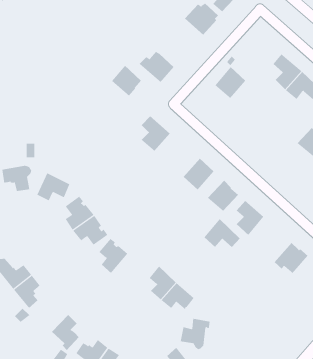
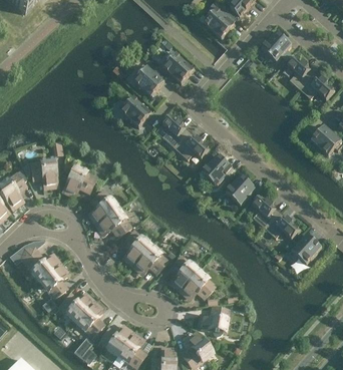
building: [215,66,246,99] -> [260,30,290,61]
building: none -> [116,95,150,126]
building: none -> [174,130,209,158]
building: [204,218,240,248] -> [263,210,298,238]
building: none -> [132,245,166,273]
building: none -> [57,293,91,319]

